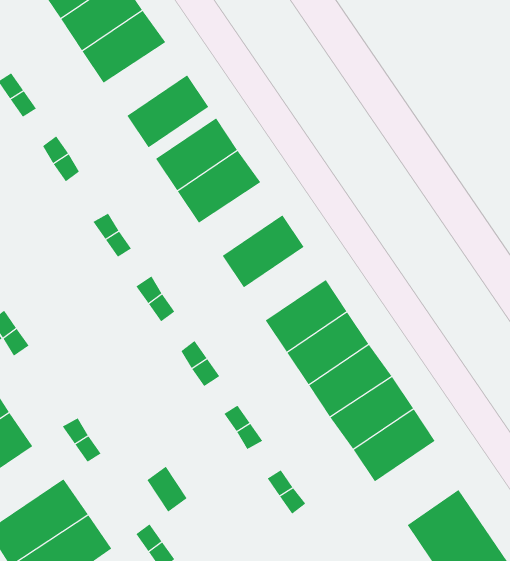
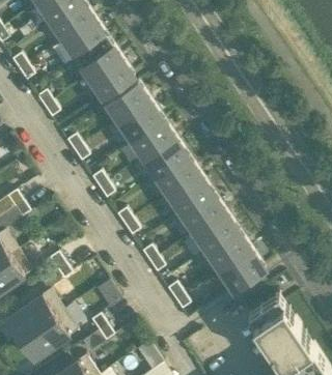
building: none -> [73,38,121,81]
building: none -> [128,119,176,162]
building: none -> [154,156,201,199]

